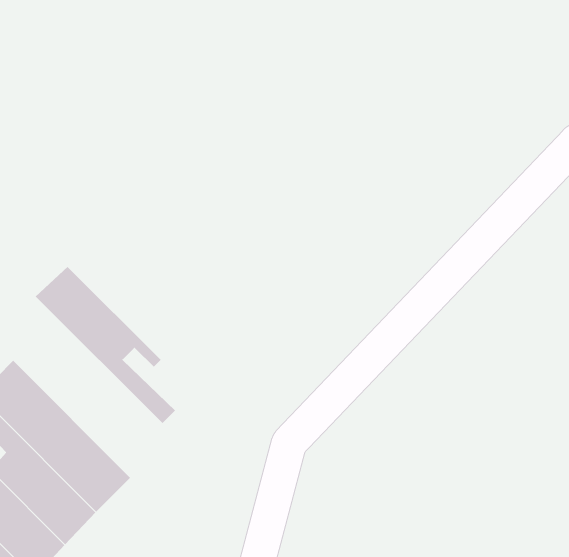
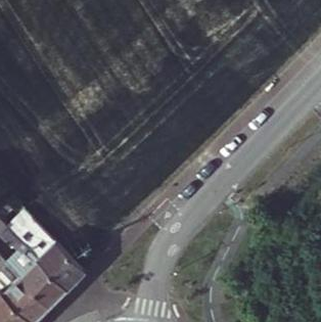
building: [35,266,176,424] -> none

